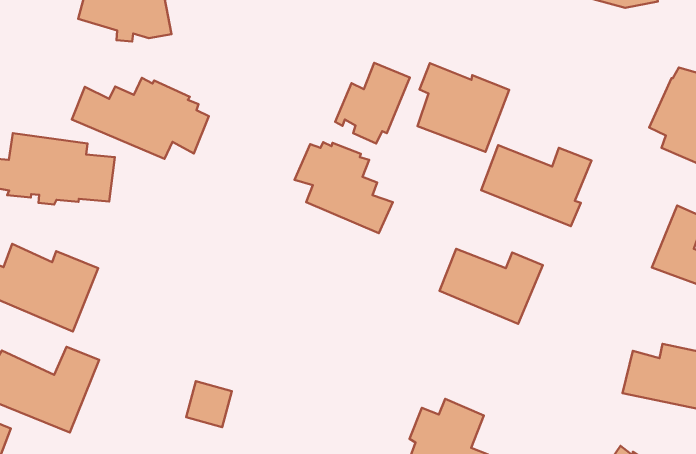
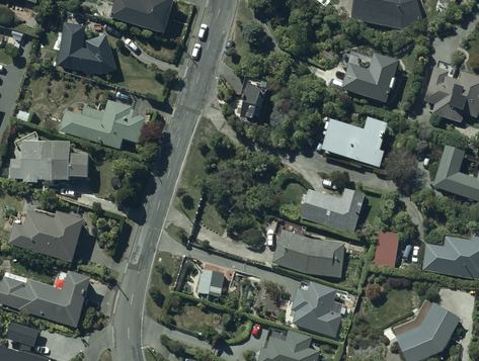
building: [417,63,509,152] -> [341,48,398,100]
building: [294,142,393,233] -> none
building: none -> [272,219,344,277]
building: none -> [373,229,398,266]
building: [186,381,232,427] -> [196,267,224,294]

